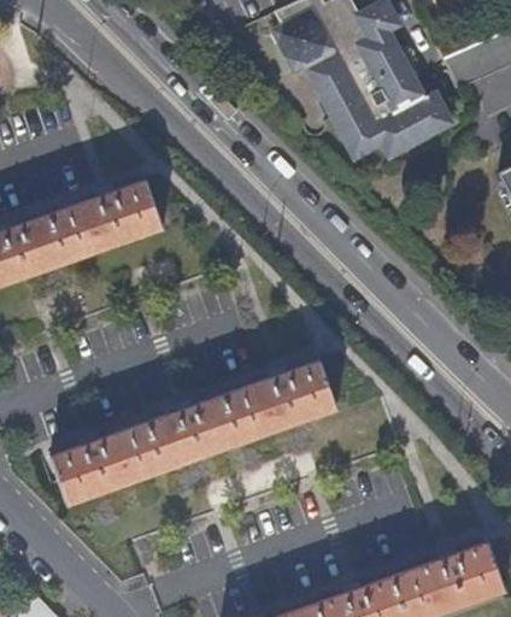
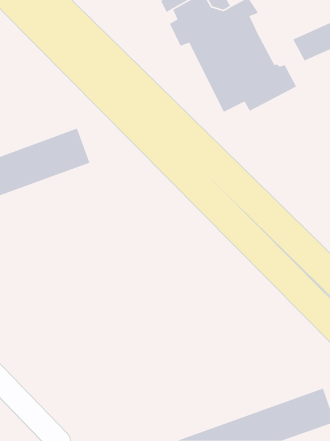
building: [52,359,339,506] -> none

